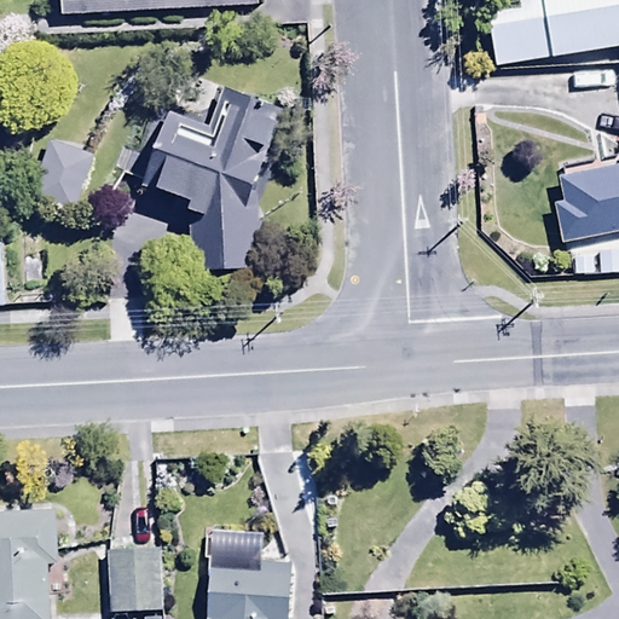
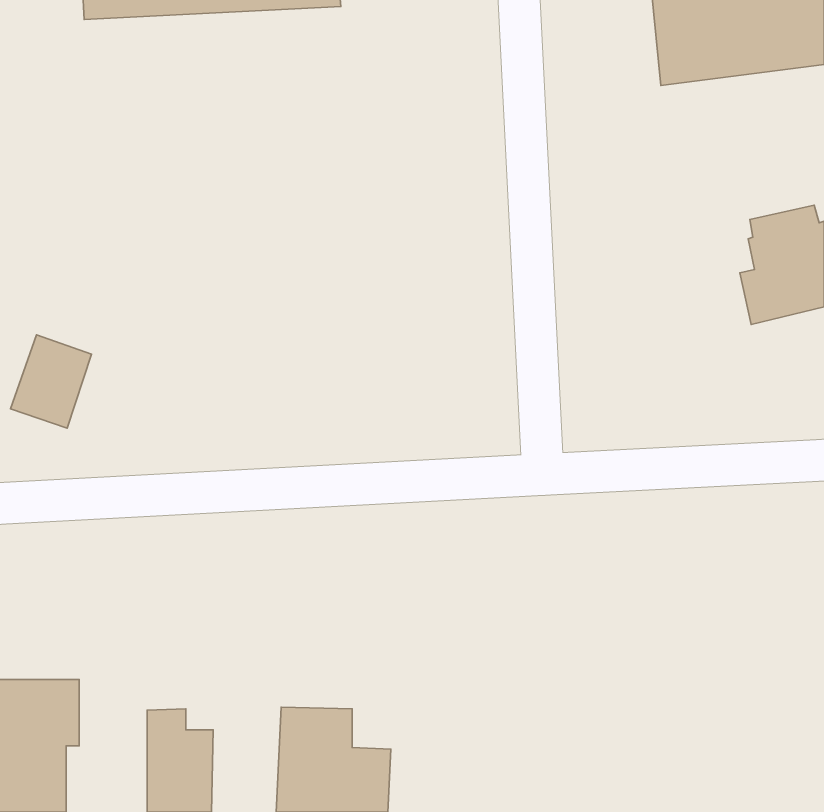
building: [139,88,285,273] -> none
building: [31,138,92,208] -> [11,335,91,428]

